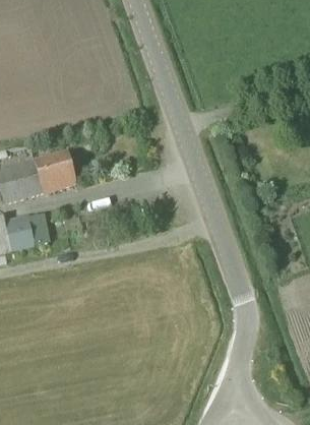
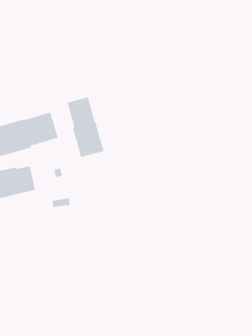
building: none -> [67,97,104,158]

